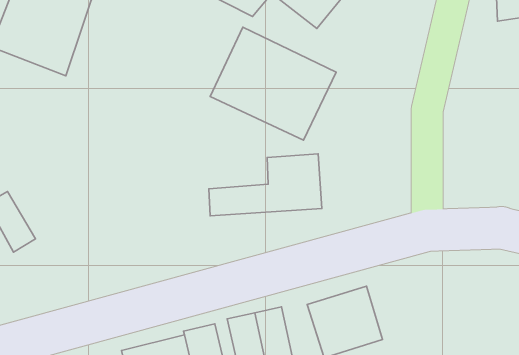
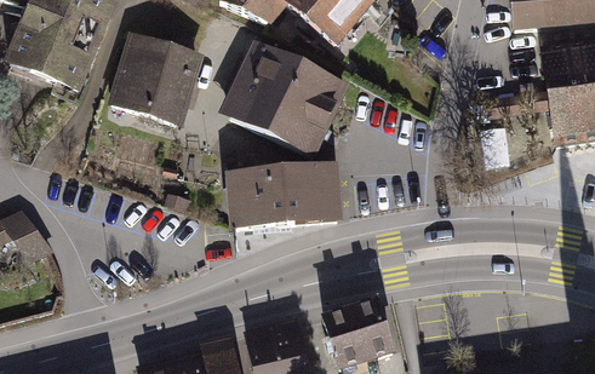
building: none -> [108,33,202,130]
building: none -> [221,154,284,201]

